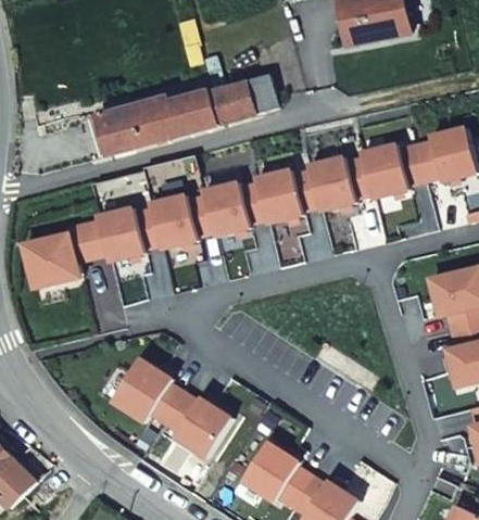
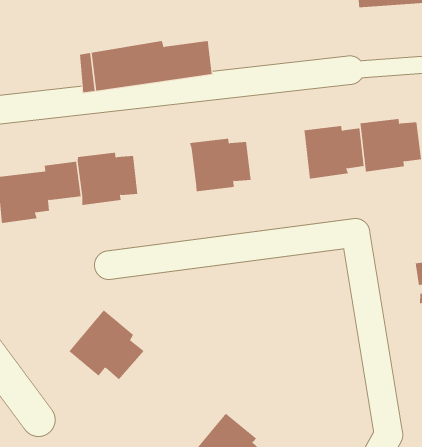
building: [209,77,276,124] -> none
building: [255,169,318,224] -> none
building: [150,195,213,250] -> none
building: [163,393,231,458] -> none

